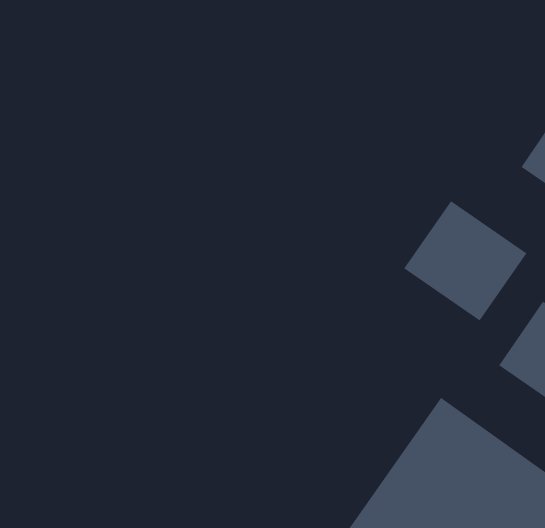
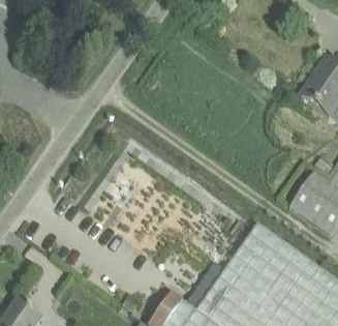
building: [403,200,528,322] -> none

